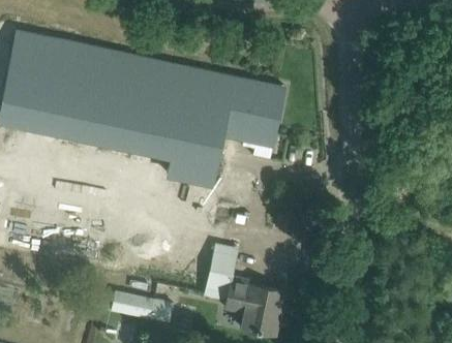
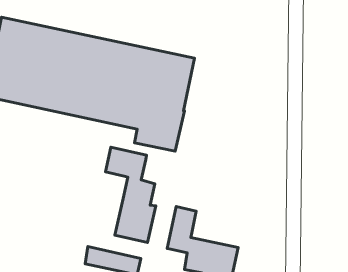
building: [223,77,285,160] -> none
building: none -> [106,147,156,243]

